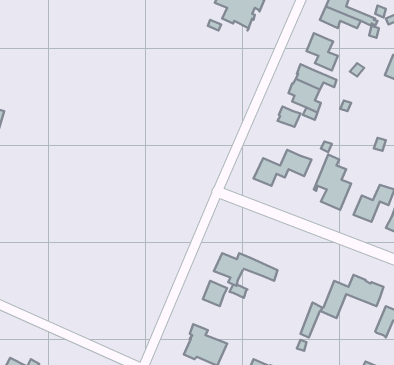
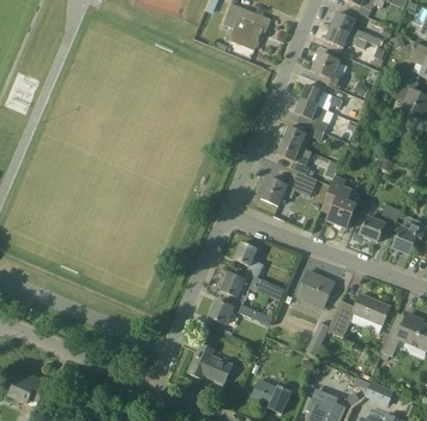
building: none -> [277,140,309,175]
building: none -> [234,241,264,277]
building: none -> [296,271,335,308]

